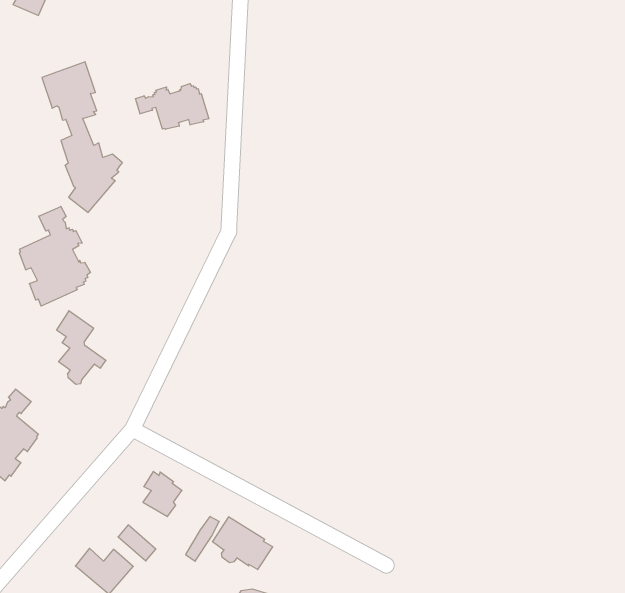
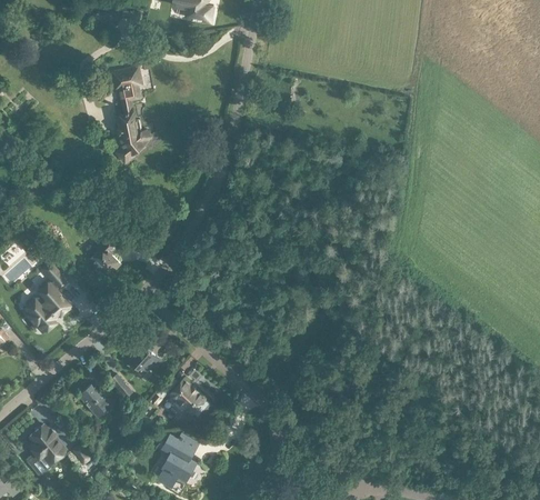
building: [136,84,209,129] -> none
building: [20,206,90,306] -> none

